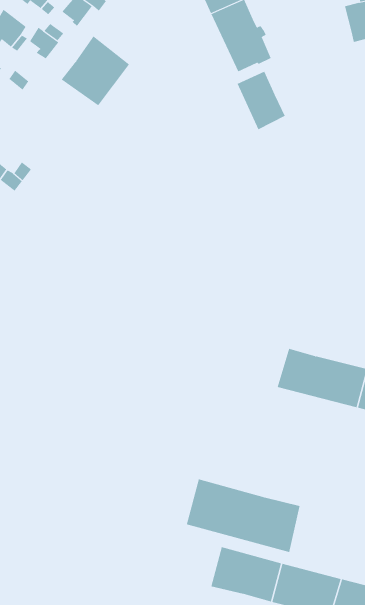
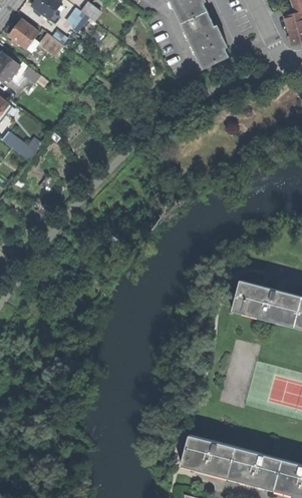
building: [61,35,130,106] -> none
building: [237,71,286,130] -> none
building: [186,479,300,553] -> none

